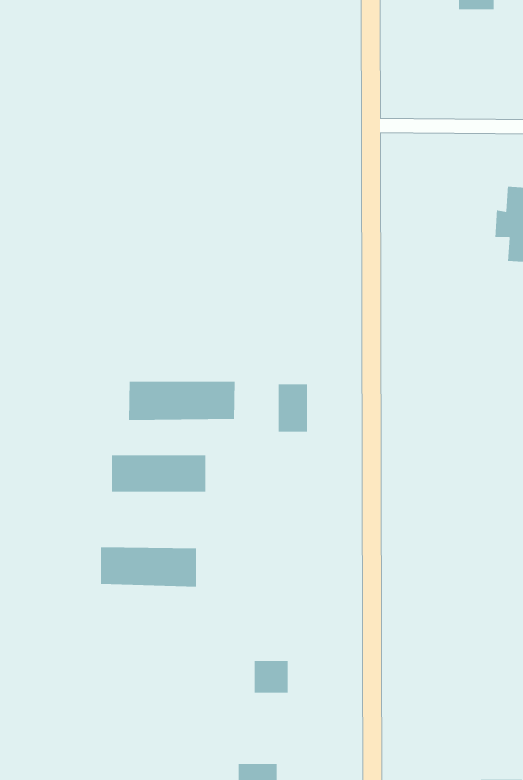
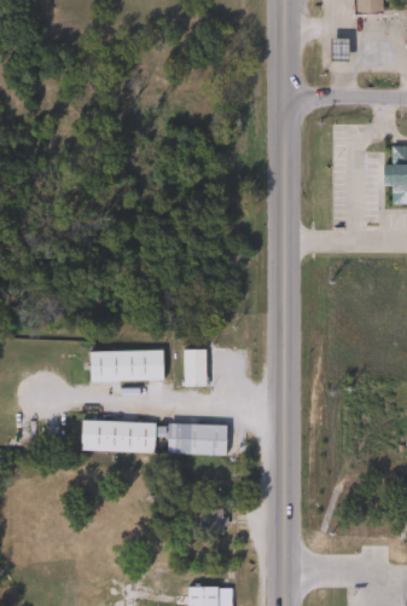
building: [128,381,235,421] -> none
building: [278,383,308,432] -> [184,348,207,386]
building: none -> [169,423,226,455]

